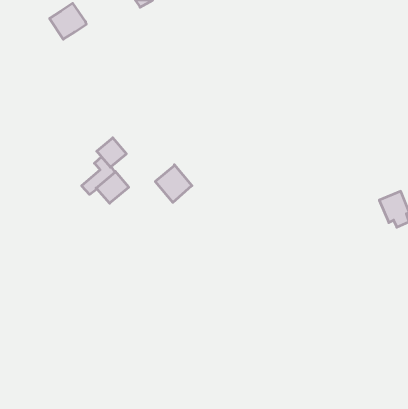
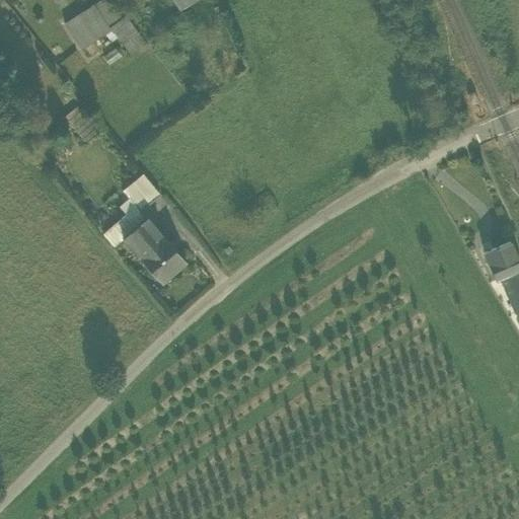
building: [155,165,192,202] -> [140,236,187,284]

